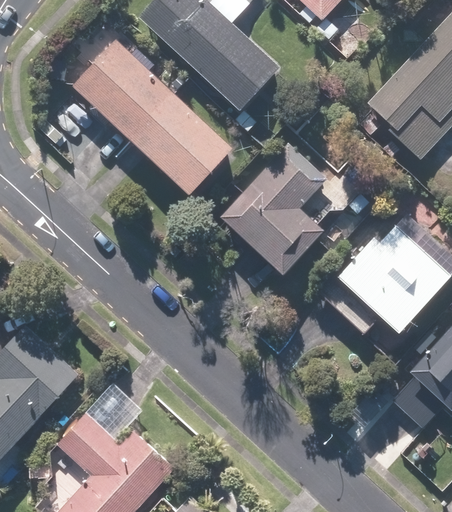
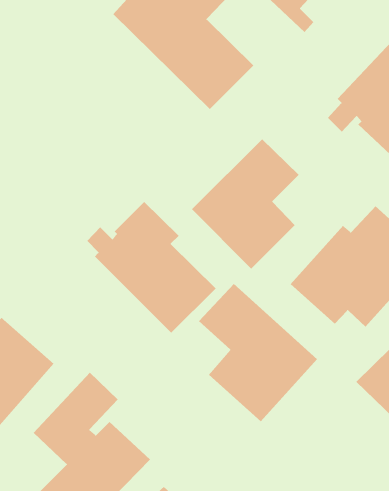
building: [72,39,231,197] -> none
building: none -> [86,201,216,334]
building: none -> [198,283,318,422]

